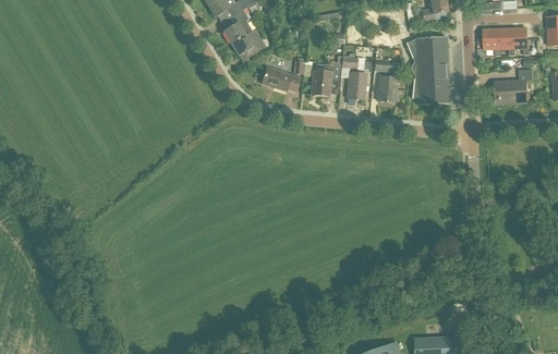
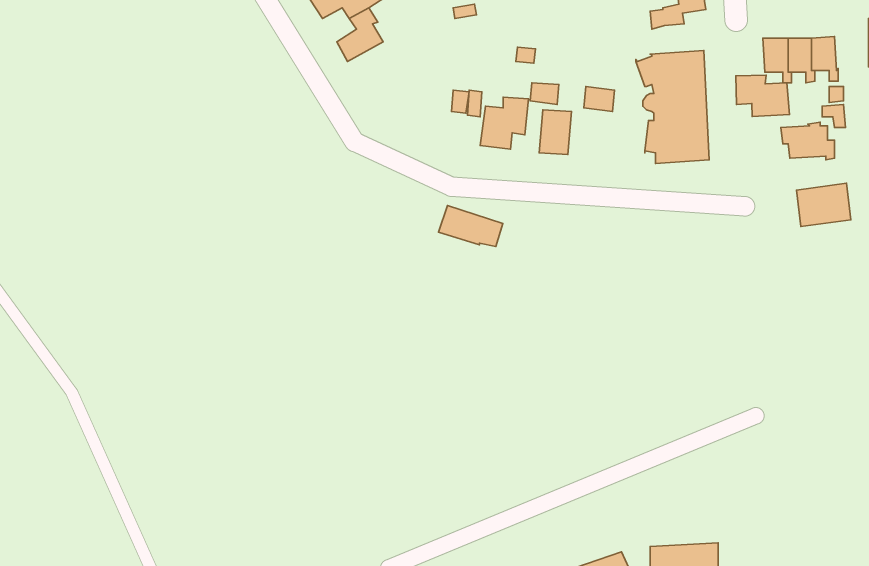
building: [230,30,266,56] -> none
building: none -> [736,75,789,116]
building: [262,66,301,91] -> [438,205,503,247]
building: [377,76,397,102] -> none
building: none -> [797,183,851,227]

